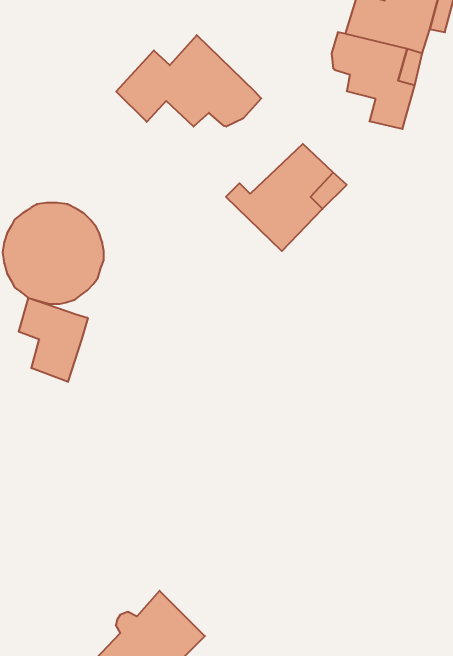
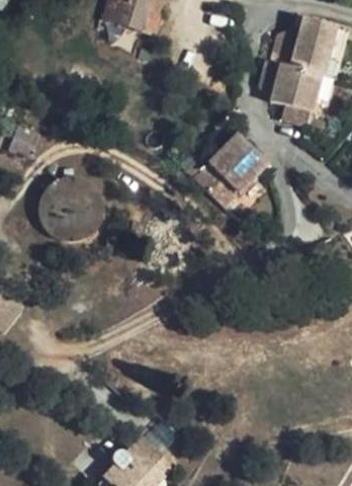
building: [116,35,261,127] -> none
building: [19,298,88,382] -> none

